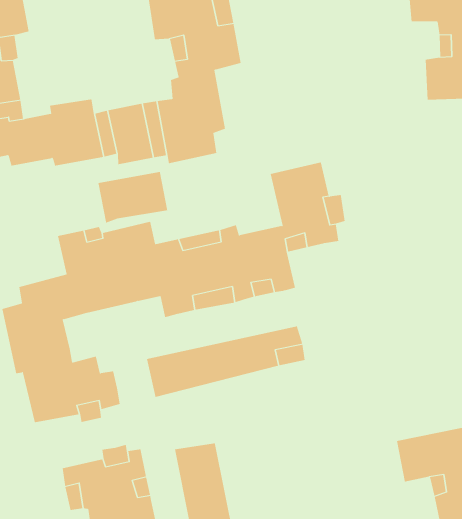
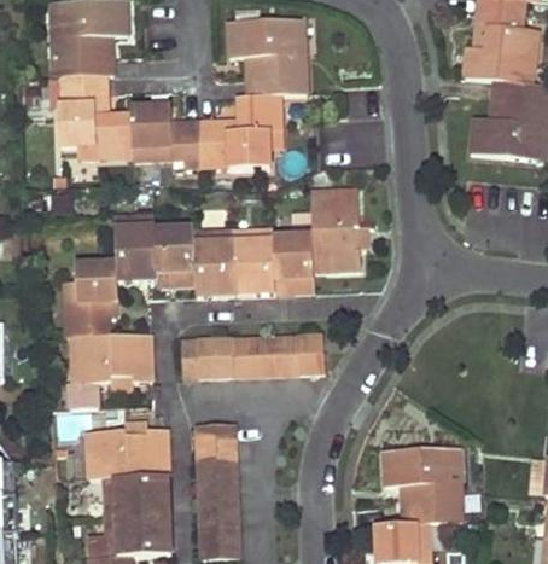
building: [98,171,168,224] -> none

